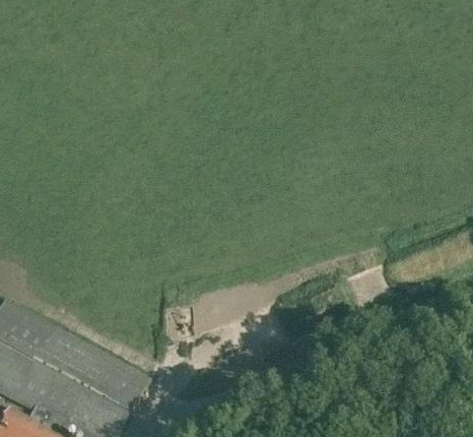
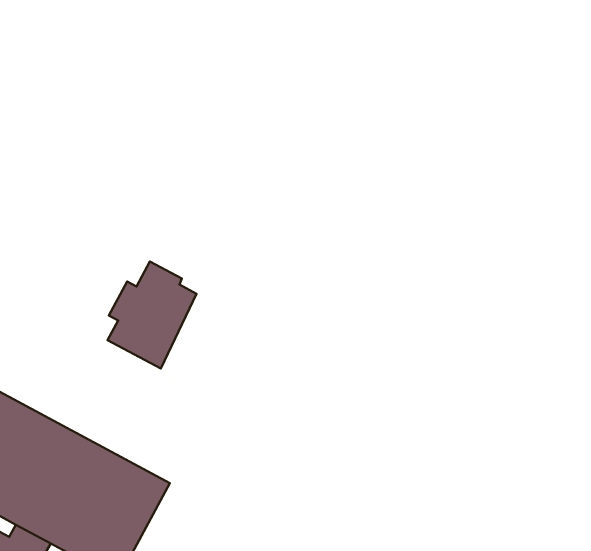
building: none -> [108,262,197,369]

